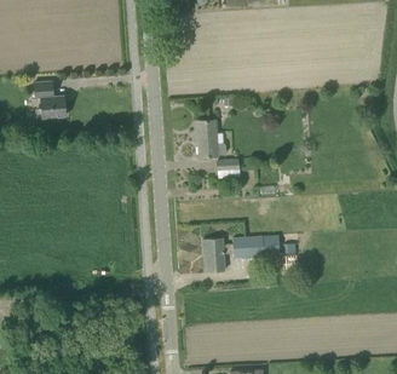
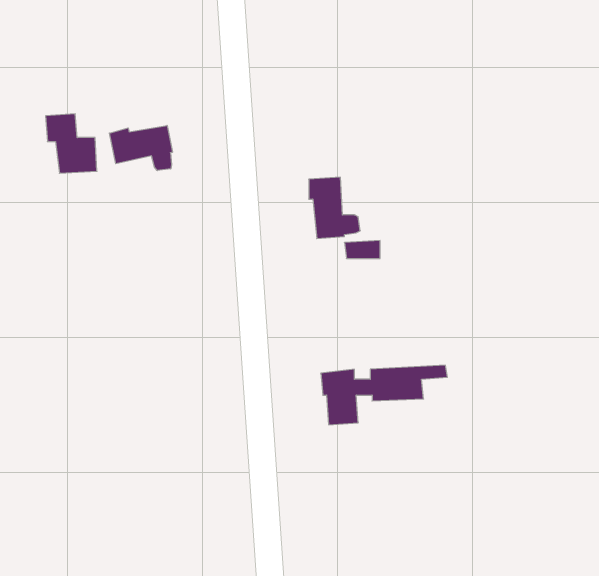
building: none -> [109,125,172,171]

